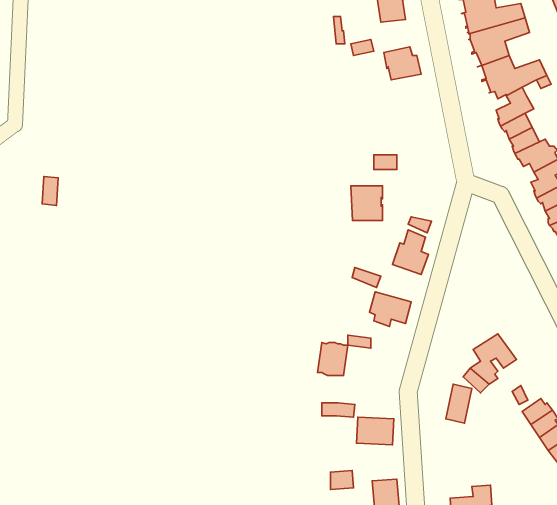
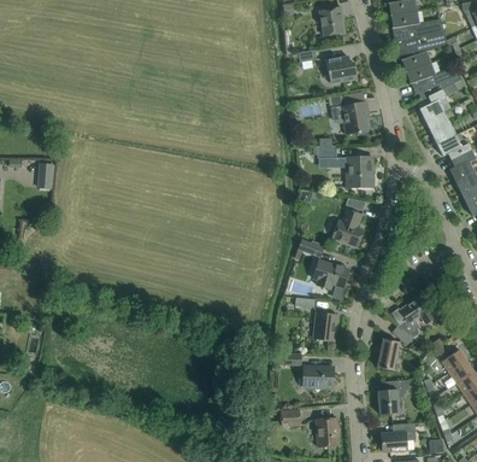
building: none -> [330,101,369,134]
building: [351,186,383,221] -> [346,157,372,186]
building: [318,342,348,376] -> [312,312,337,340]
building: none -> [378,380,408,415]

